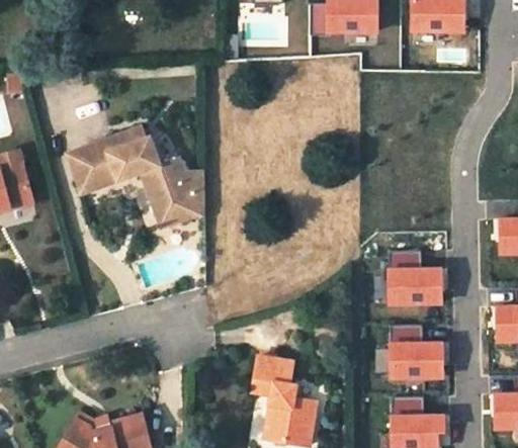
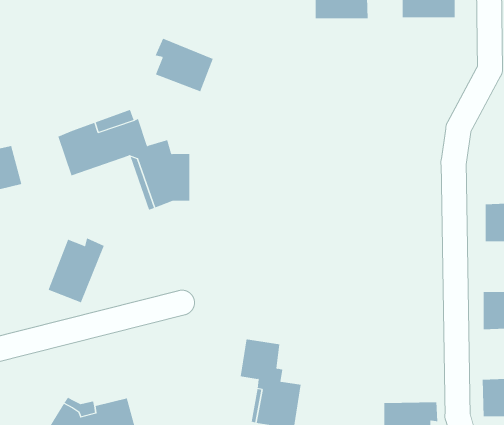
building: none -> [155,38,213,92]
building: none -> [48,238,104,303]
building: [392,269,445,307] -> none
building: [393,344,446,381] -> none

